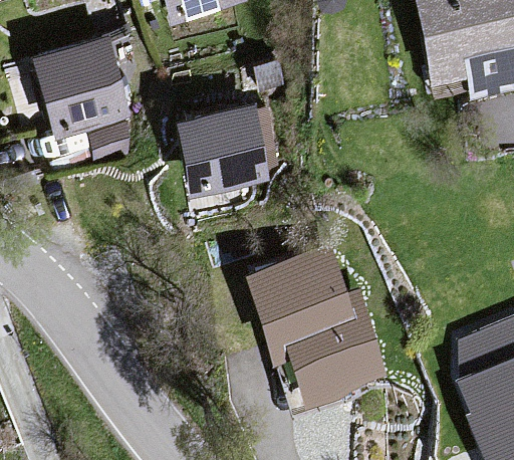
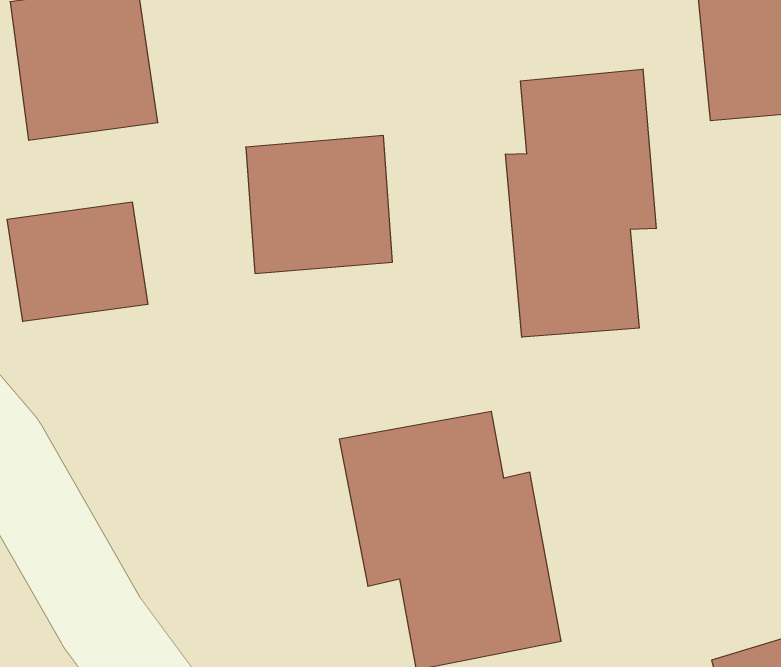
building: none -> [506,69,656,337]
building: none -> [7,202,148,322]

